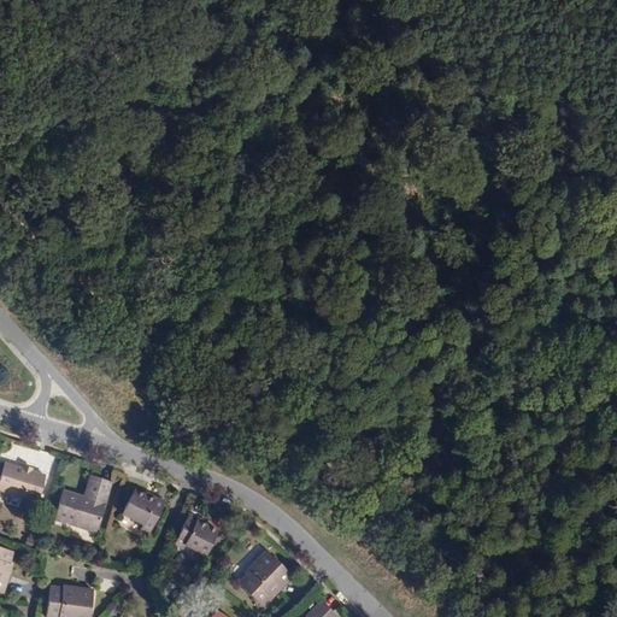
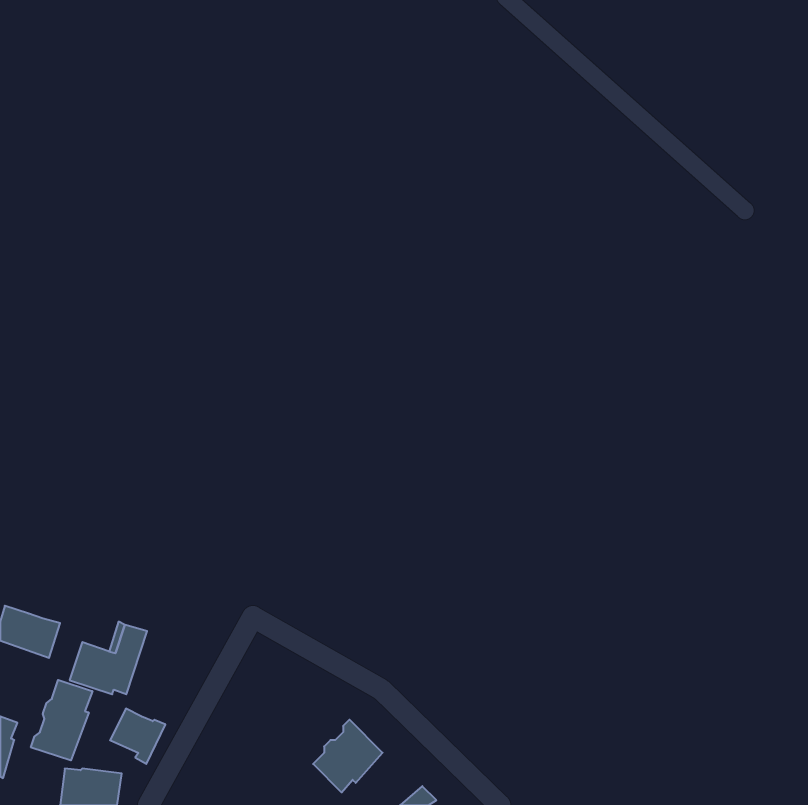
building: [122,489,164,531] -> [110,709,165,764]
building: [175,513,222,554] -> none
building: none -> [31,680,92,760]

